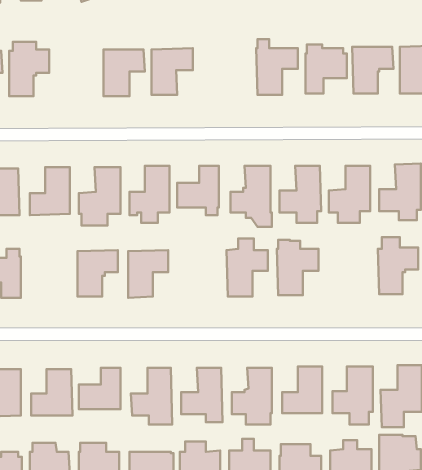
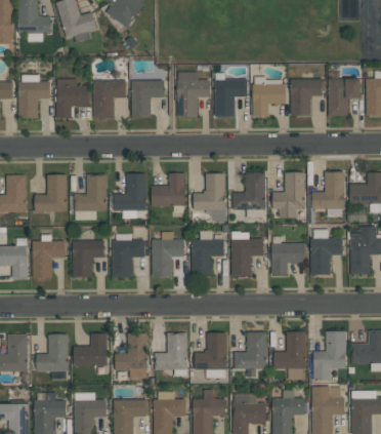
building: none -> [177,72,210,117]
building: none -> [56,79,89,118]
building: none -> [152,232,184,277]
building: none -> [33,235,65,278]
building: none -> [271,237,305,276]

